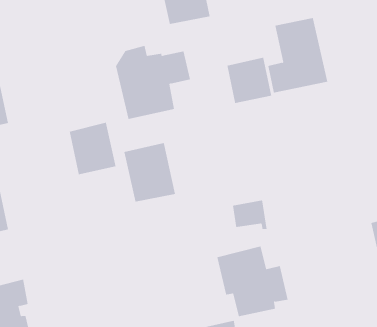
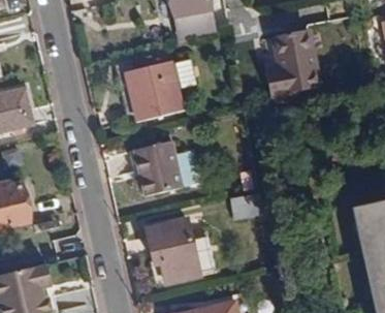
building: [227,57,272,104] -> none
building: [69,122,116,175] -> none
building: [216,246,289,317] -> [148,219,213,283]

